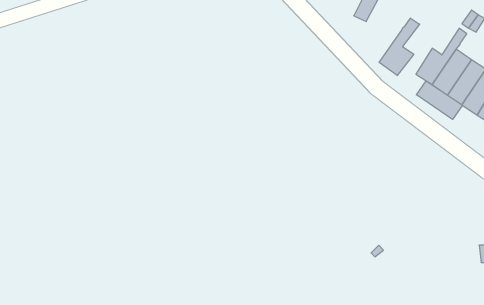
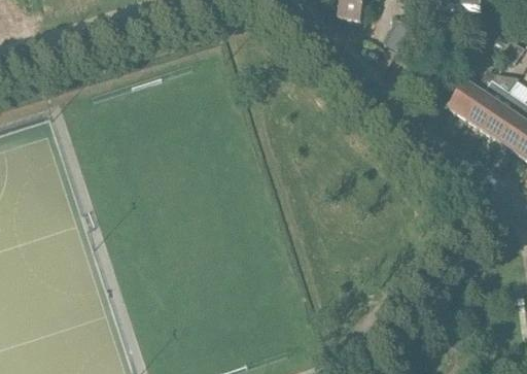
building: [379,18,420,76] -> none
building: [416,81,462,119] -> none

